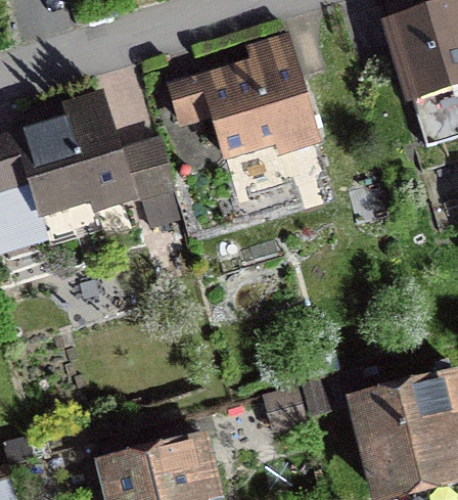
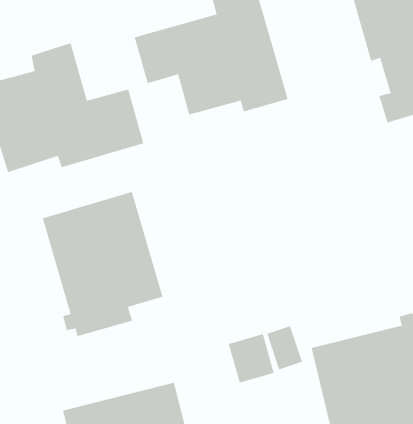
building: none -> [42,191,163,337]

